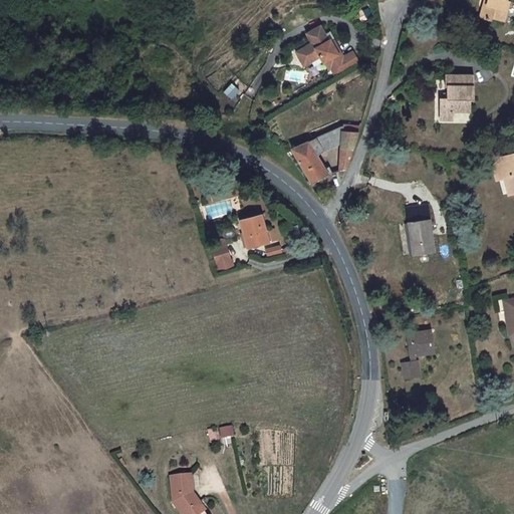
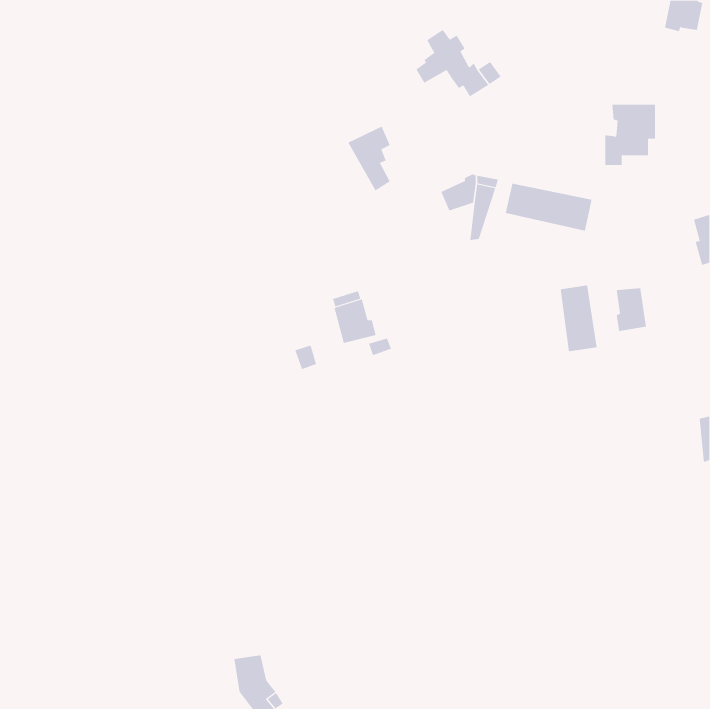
building: none -> [505,183,592,231]
building: [293,140,324,187] -> [347,126,391,191]
building: none -> [616,287,646,332]
building: [402,331,435,381] -> none

